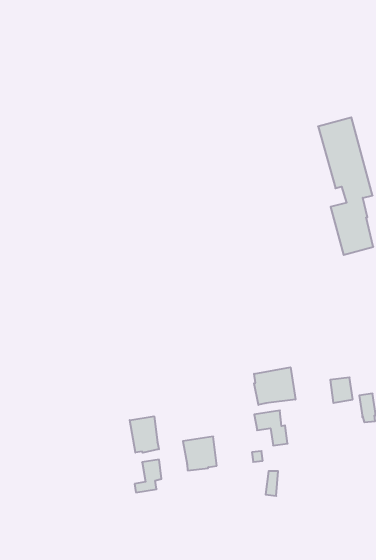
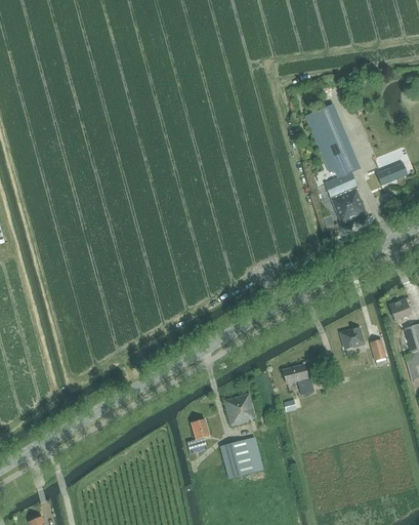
building: [254,367,295,405] -> none
building: [130,416,159,453] -> none
building: none -> [219,436,263,478]

